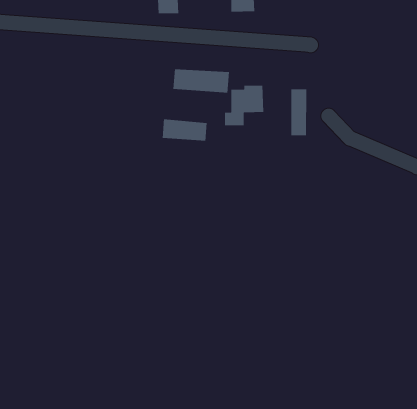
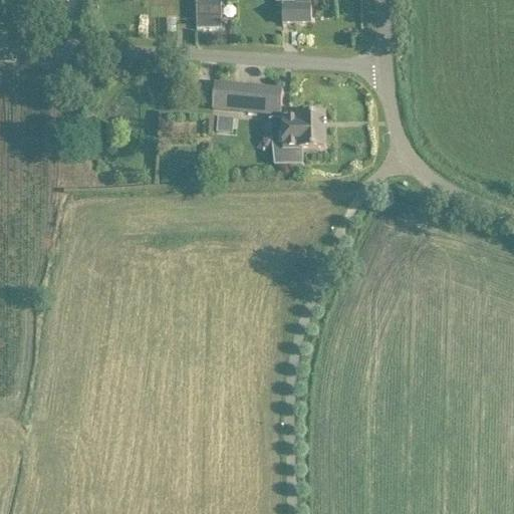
building: [291,89,307,136] -> none
building: [162,119,207,142] -> none

